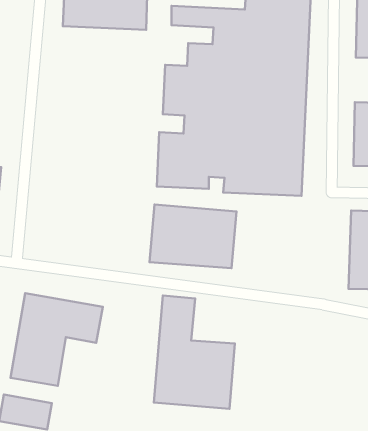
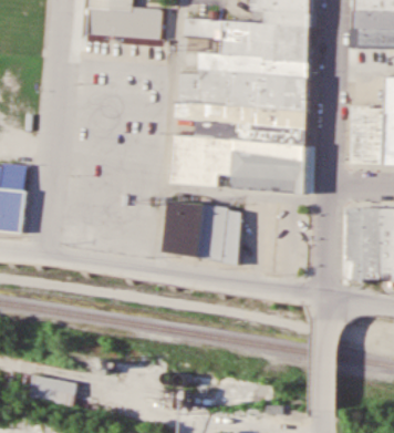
building: [10,293,103,386] -> none
building: [154,295,235,409] -> none

